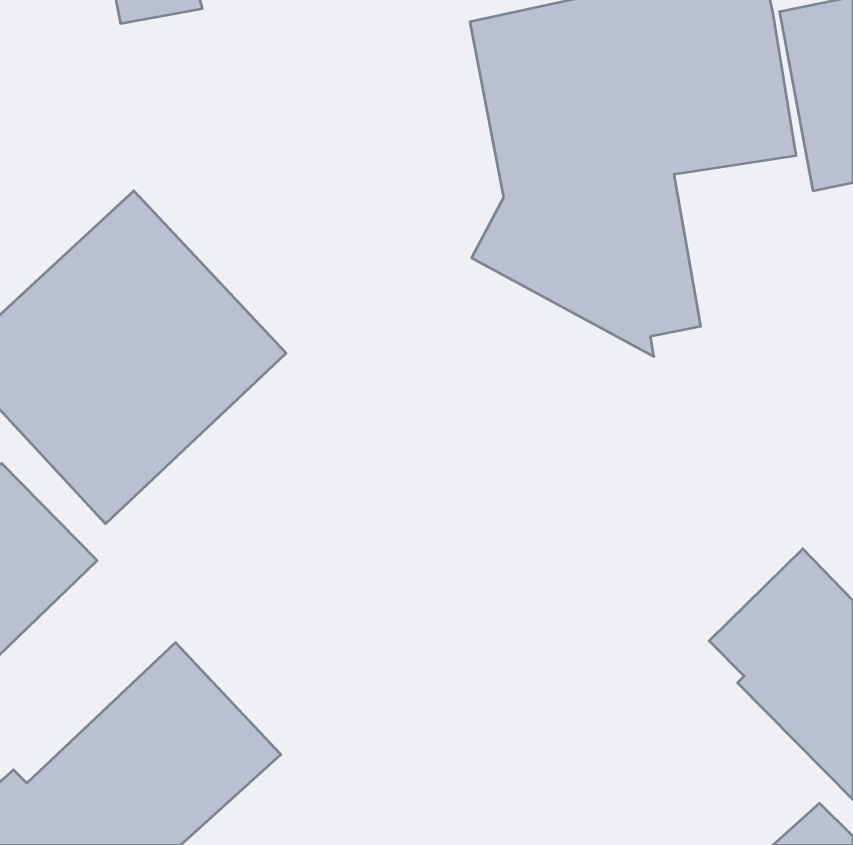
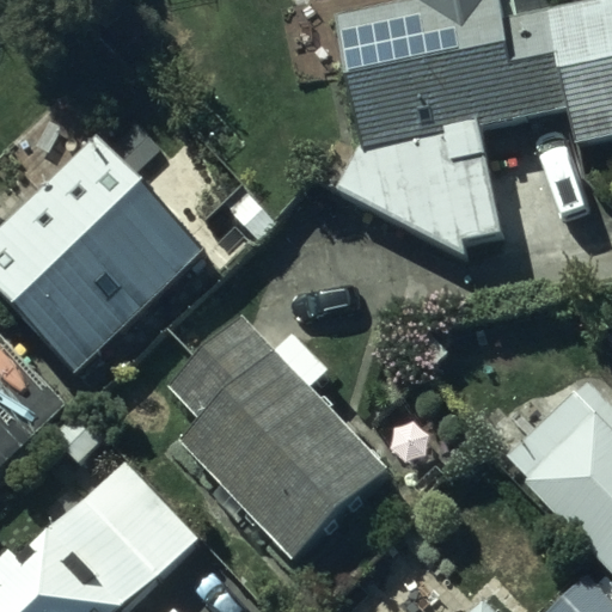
building: none -> [169,314,387,558]

